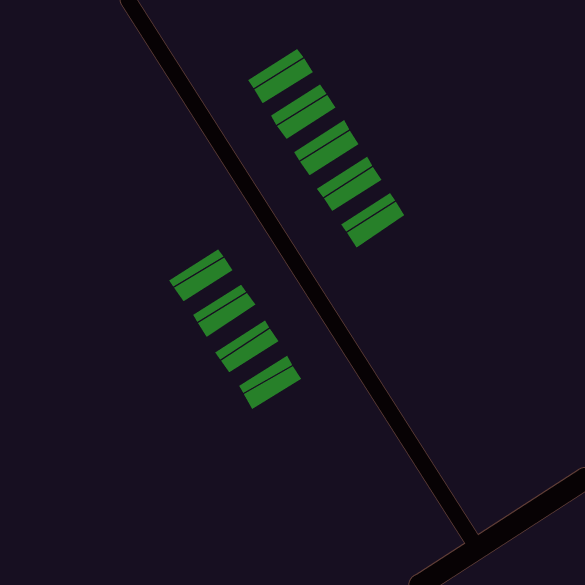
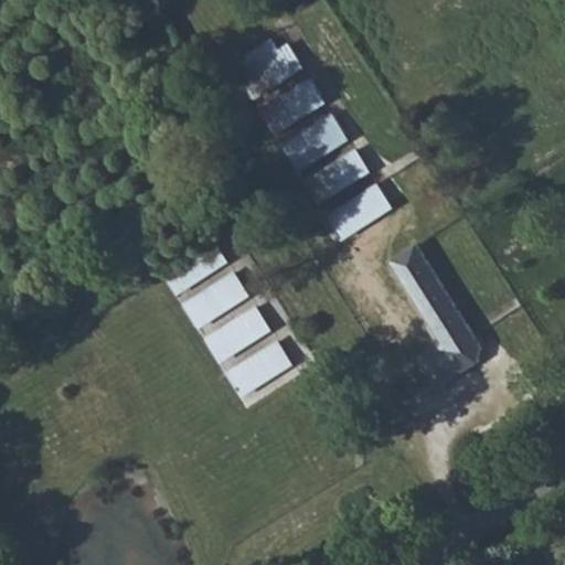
building: none -> [392,246,479,390]

